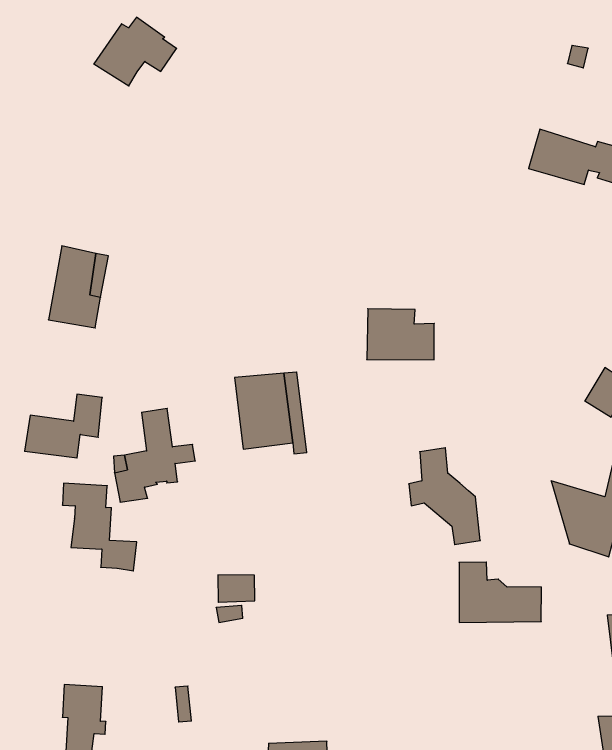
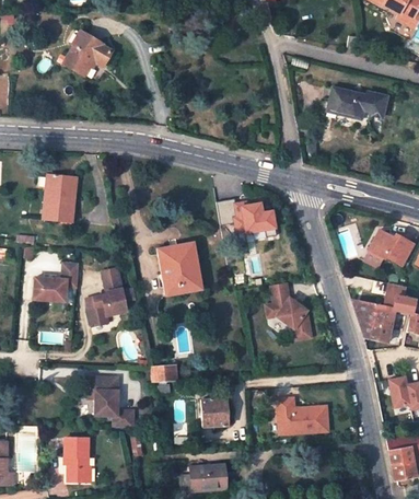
building: [62,483,137,571] -> [88,378,133,428]
building: [459,562,541,622] -> [276,397,327,434]
building: none -> [200,397,228,428]

